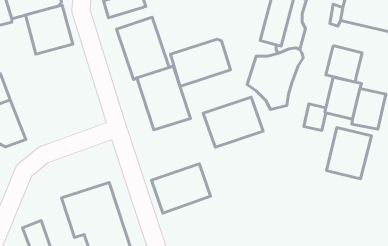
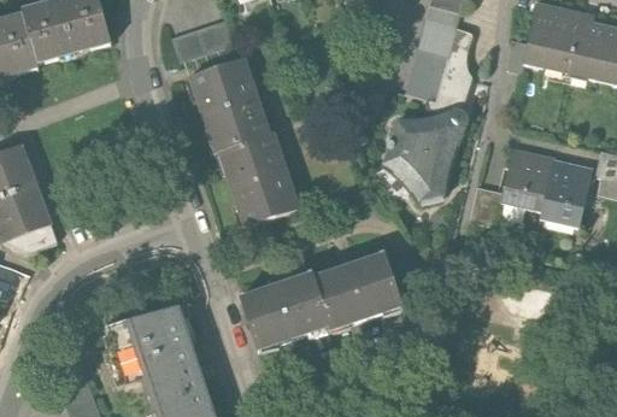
building: [26,5,73,54] -> none
building: [171,39,231,86] -> none
building: [326,46,362,82] -> none
building: [203,97,263,147] -> [315,257,404,331]
building: [326,128,371,179] -> none

